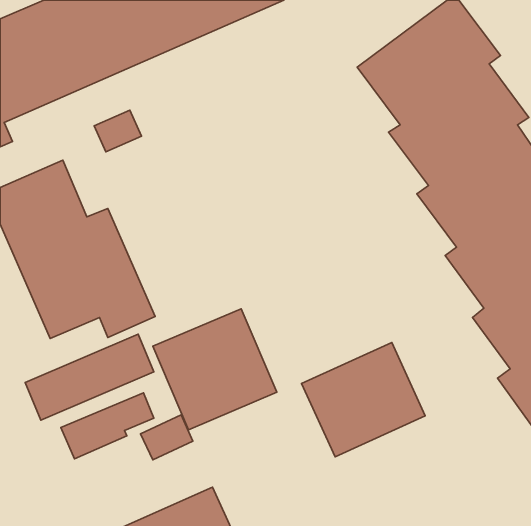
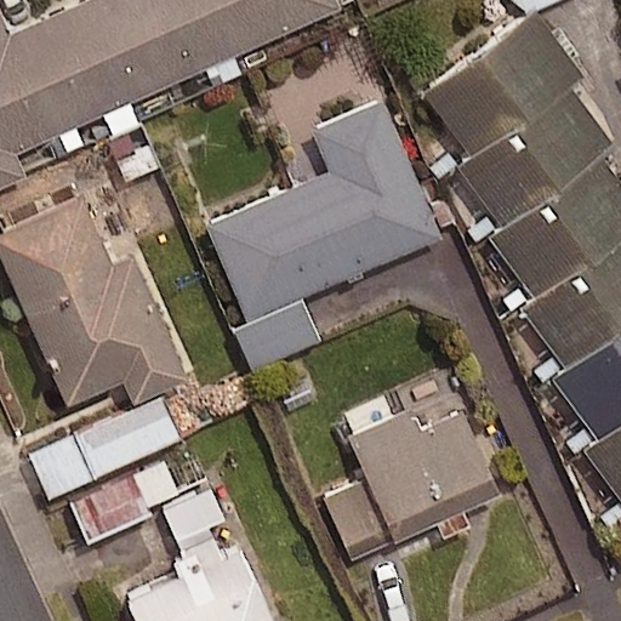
building: none -> [203,98,438,318]
building: [153,309,277,430] -> none

